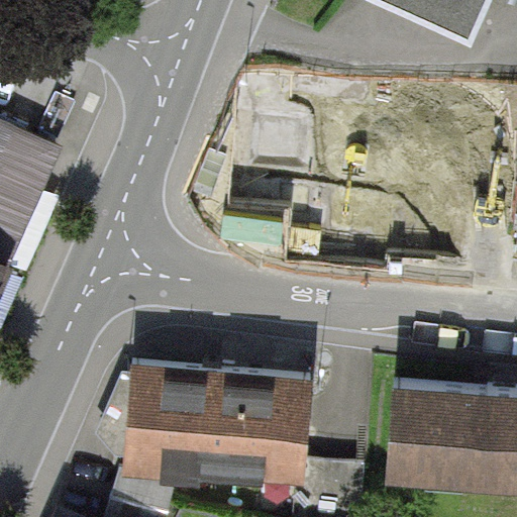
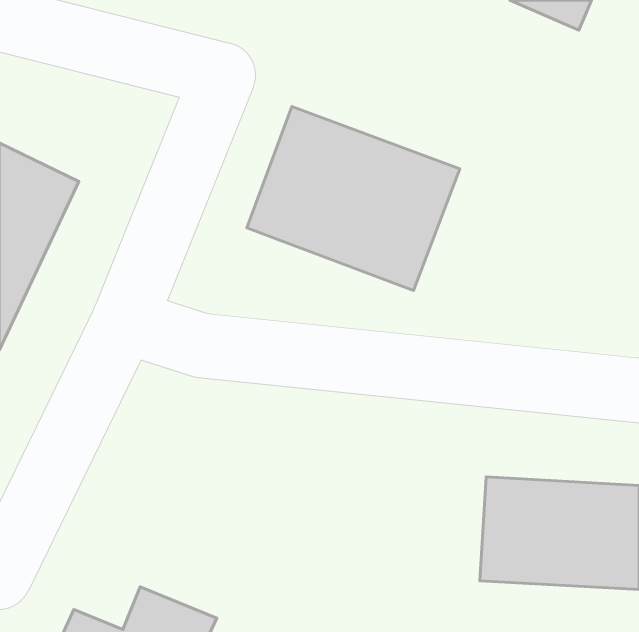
building: [124,377,313,467] -> none

